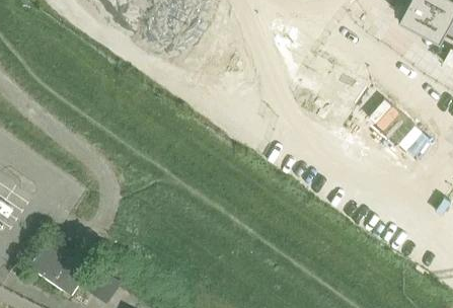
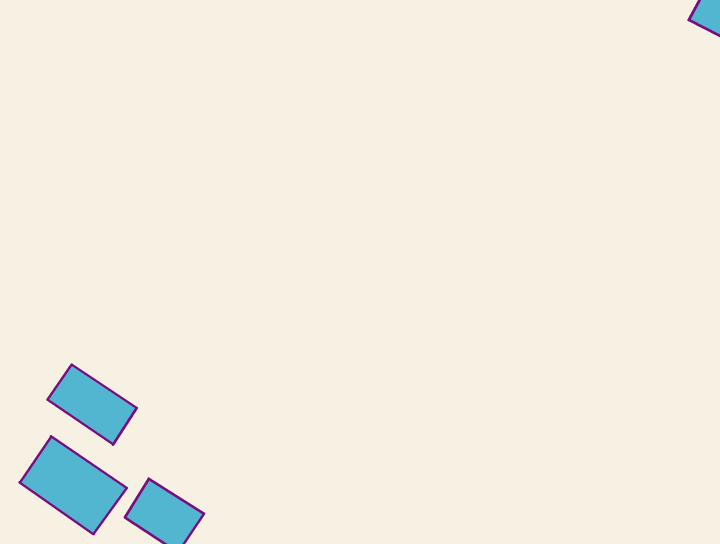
building: none -> [48,365,137,445]

